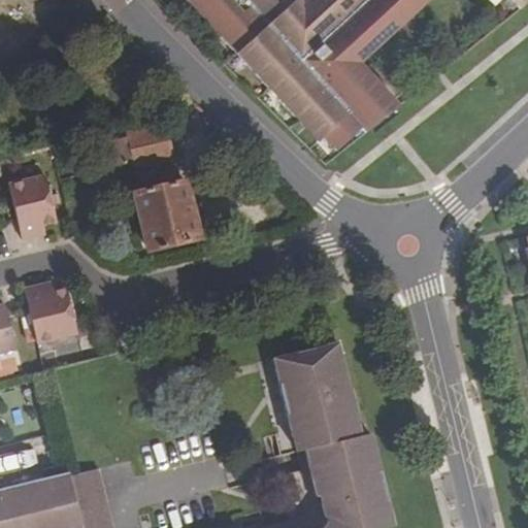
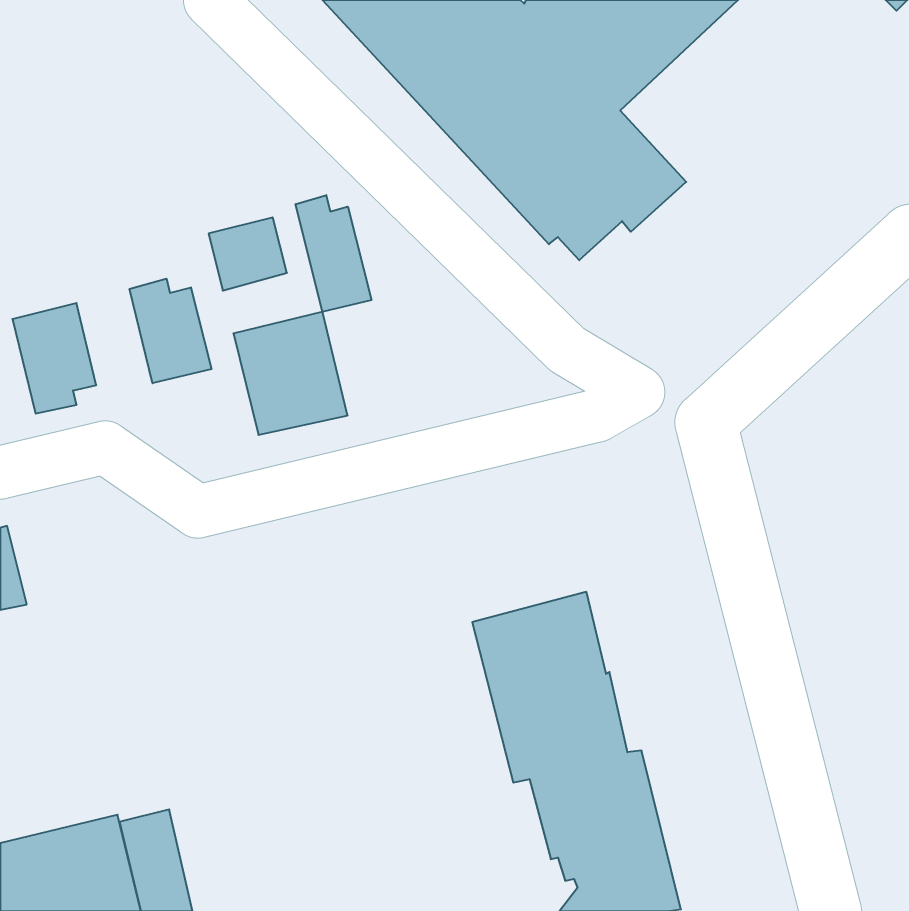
building: none -> [296,195,371,312]
building: none -> [130,279,211,383]
building: [24,283,77,342] -> none

